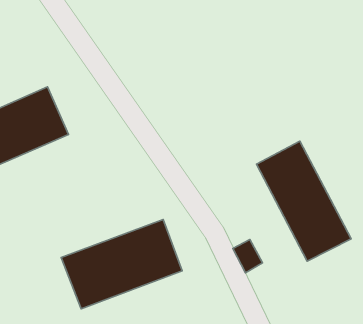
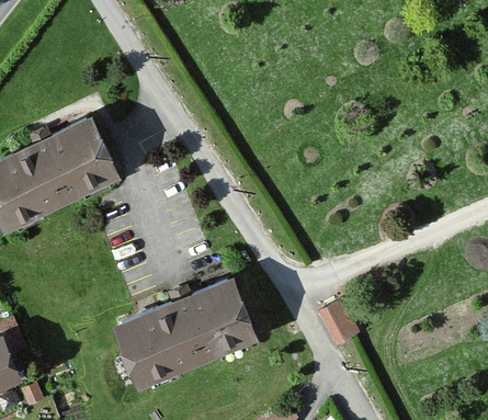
building: [256,141,351,261] -> none

